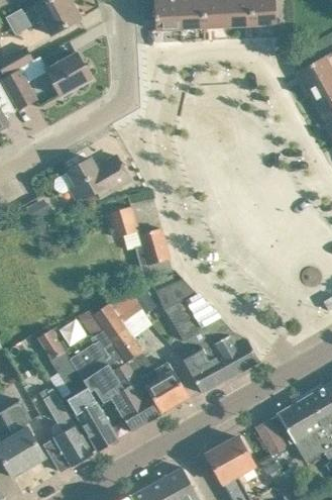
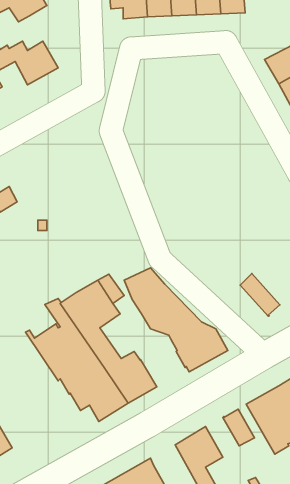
building: [53,156,130,199] -> none
building: [108,207,173,280] -> none
building: none -> [240,274,280,316]
building: [38,330,118,452] -> none
building: [183,349,221,393] -> none
building: [39,388,92,472] -> none

